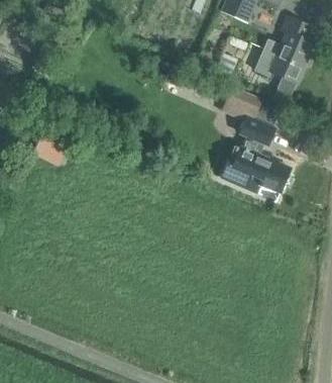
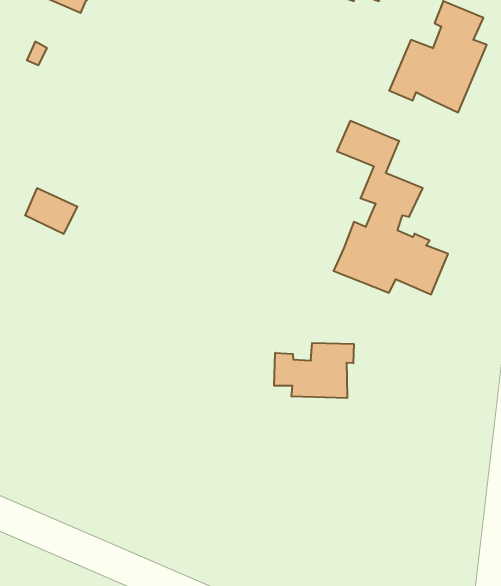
building: none -> [274,343,354,398]

